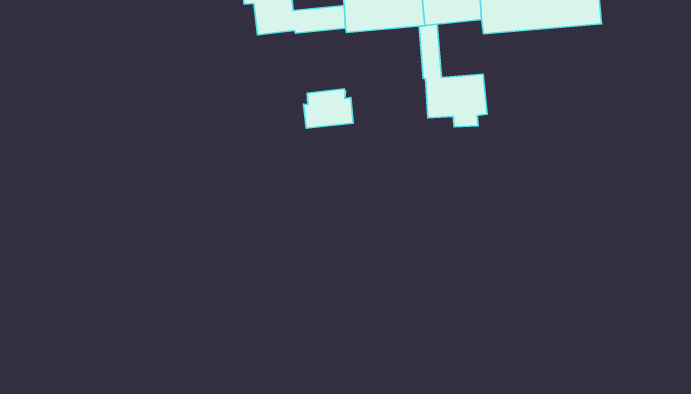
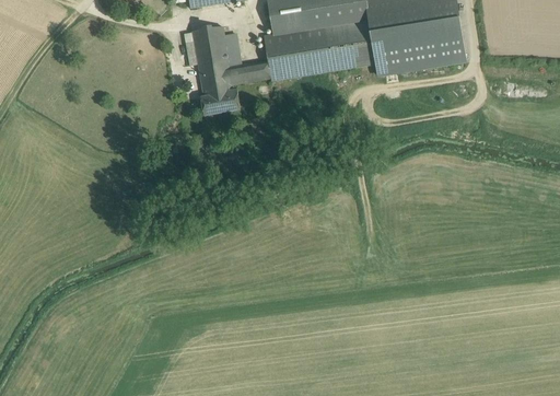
building: [419,24,487,127] -> none
building: [304,89,353,128] -> [199,82,238,115]

